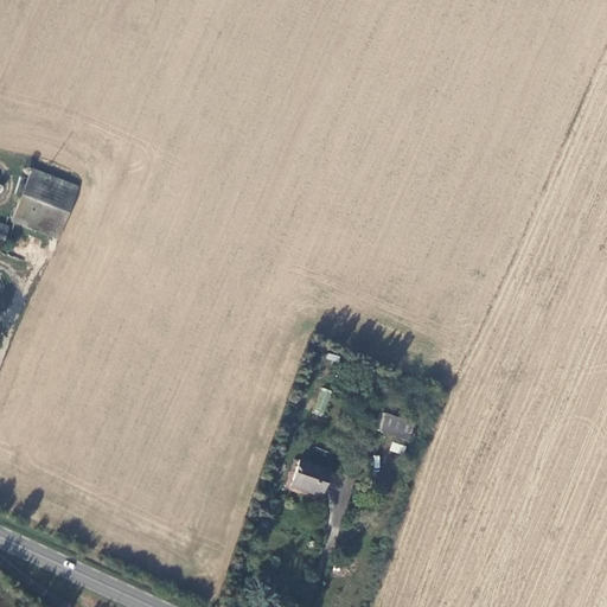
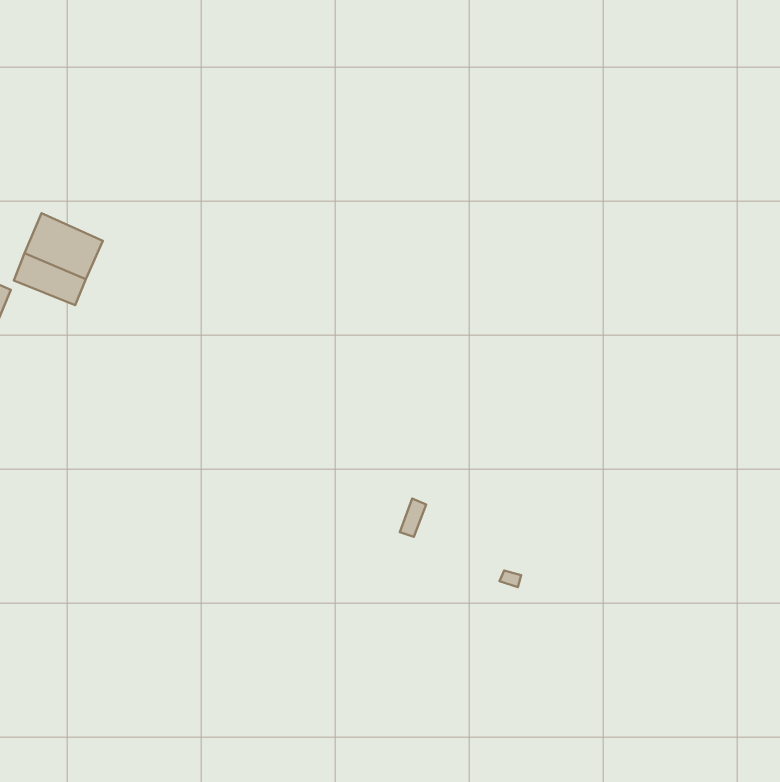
building: [379,416,413,442] -> none
building: [290,462,330,494] -> none

